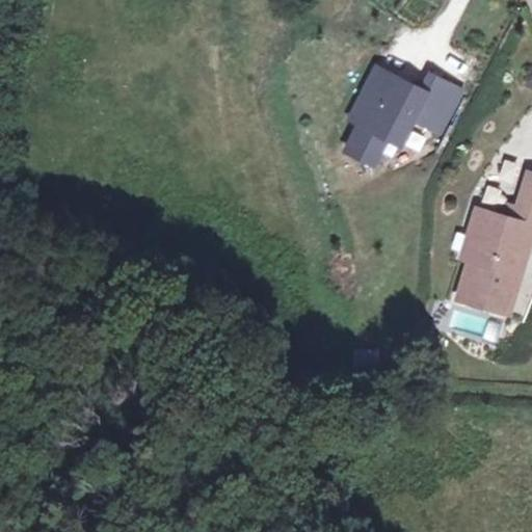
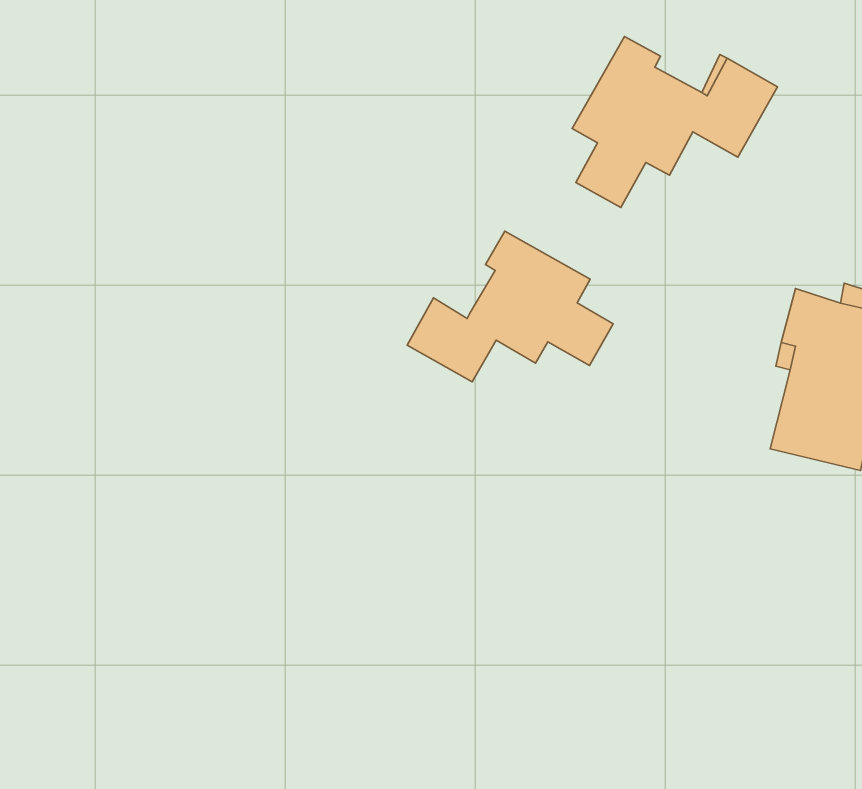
building: none -> [407,231,613,382]

